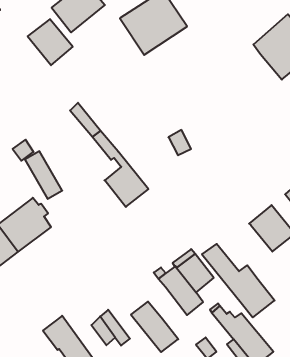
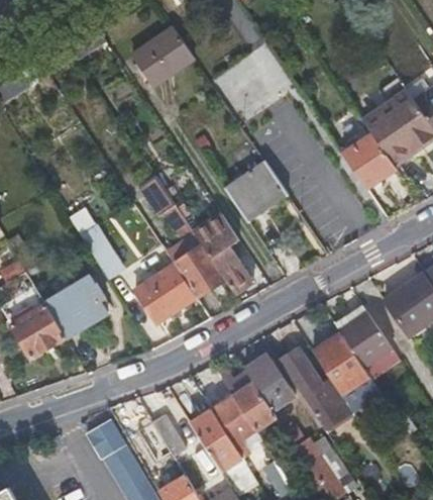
building: [28,19,73,65] -> none
building: none -> [342,133,396,189]
building: none -> [226,161,286,217]
building: none -> [194,212,253,294]
building: none -> [135,264,197,323]
building: none -> [313,332,369,395]
building: none -> [212,395,256,439]

